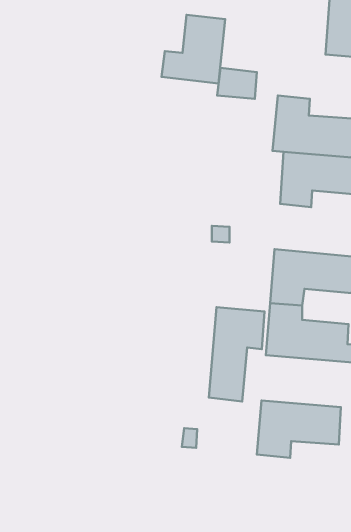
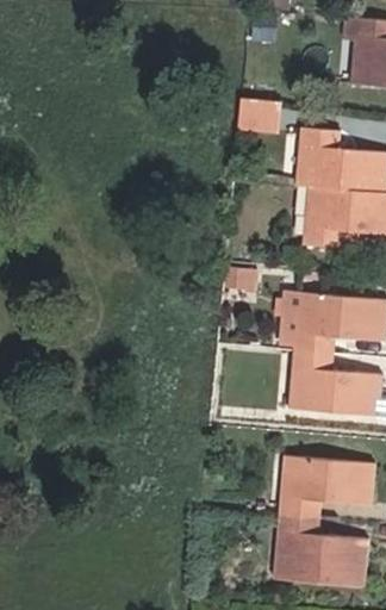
building: [161,15,225,84] -> none
building: [209,307,265,401] -> none
building: none -> [274,515,365,586]

